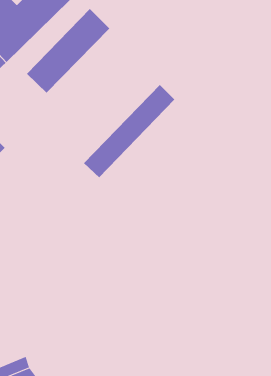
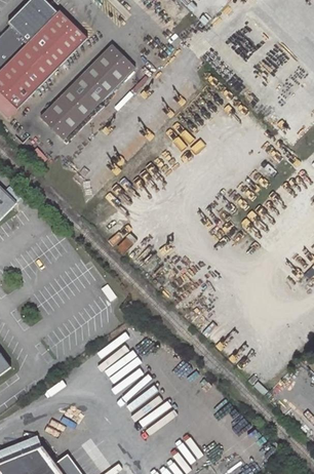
building: [83,84,175,178] -> none

